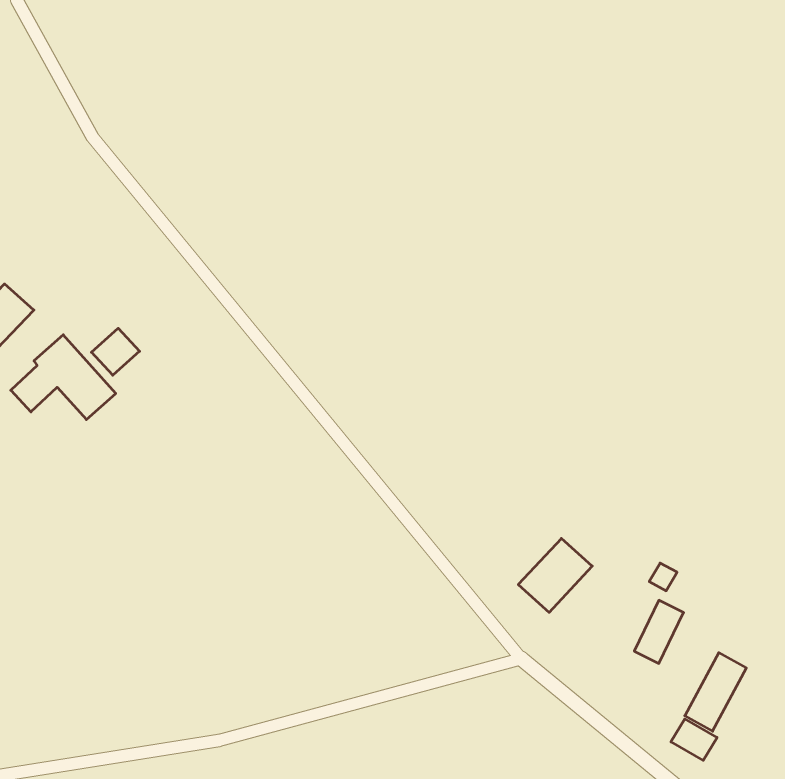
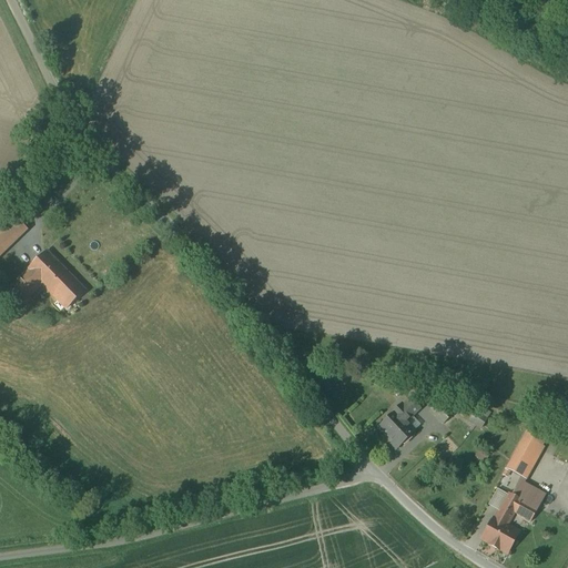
building: [91,328,140,375] -> none
building: [634,600,684,663] -> [510,428,546,474]

